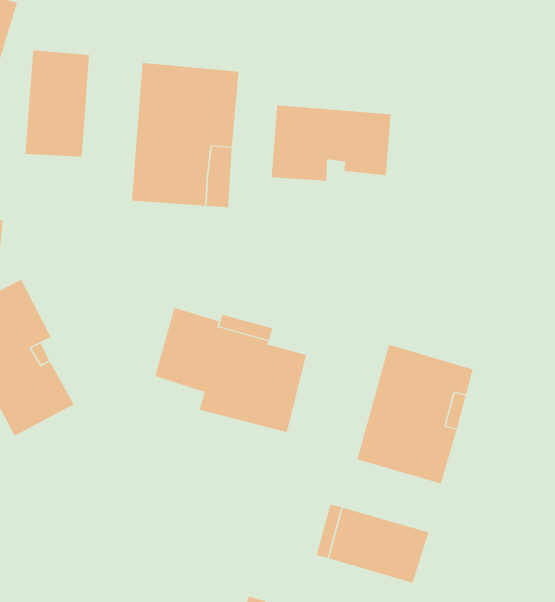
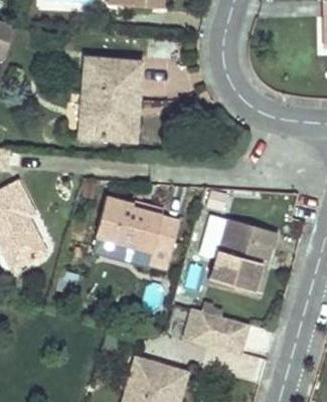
building: [25,50,90,157] -> none
building: [271,105,391,181] -> none

